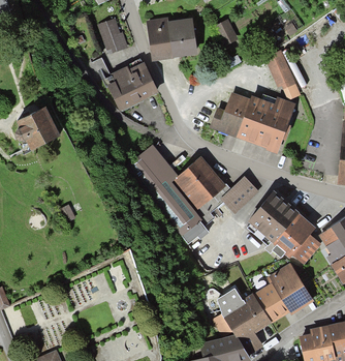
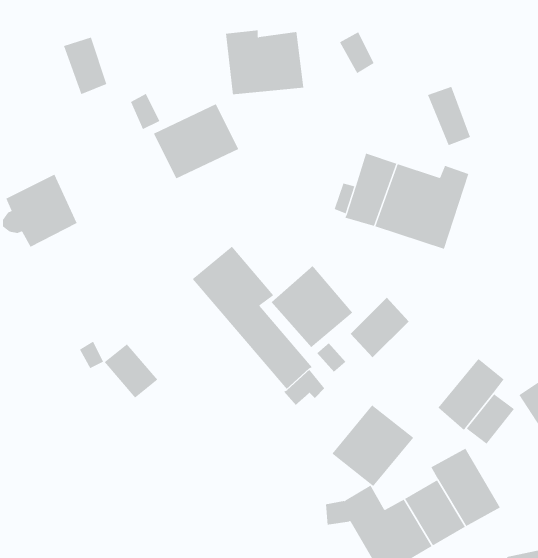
building: [99,18,125,52] -> [63,37,107,95]
building: [249,193,297,242] -> [331,404,414,487]
building: none -> [104,343,158,398]

